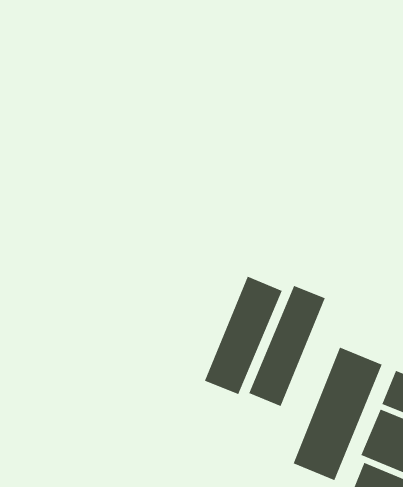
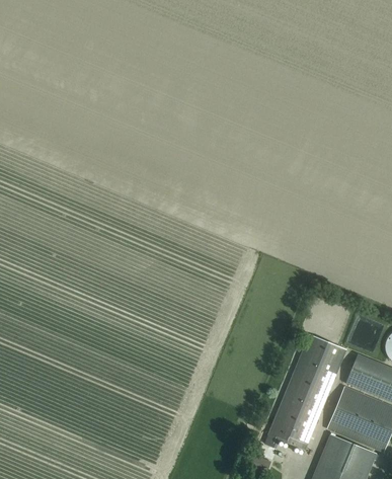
building: [204,276,282,395] -> none
building: [248,285,326,407] -> none

